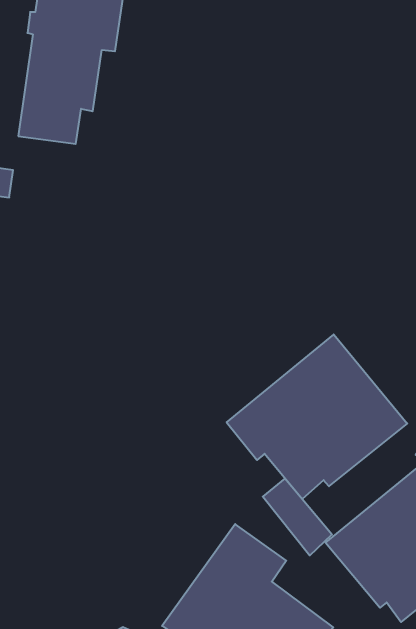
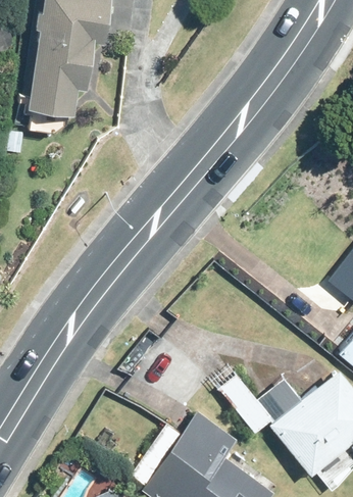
building: [227,334,407,499] -> none

